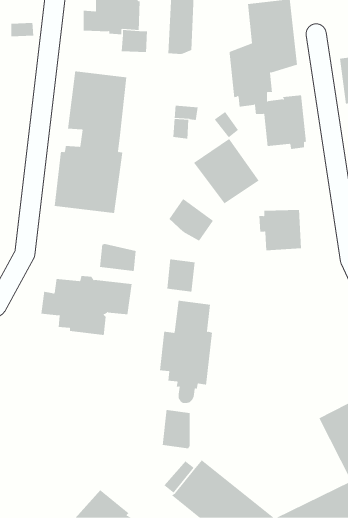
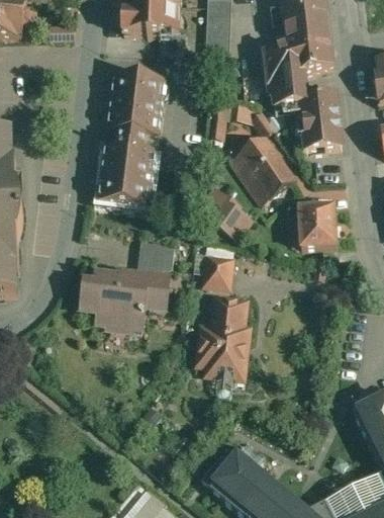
building: [162,409,190,449] -> none

